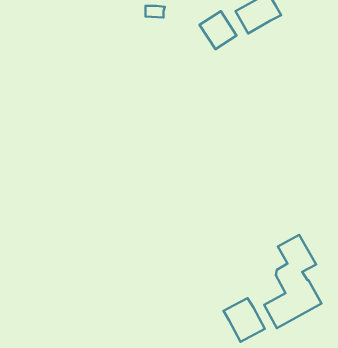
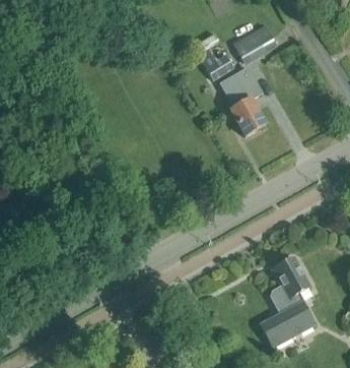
building: none -> [219,68,265,136]
building: [223,298,265,342] -> none

